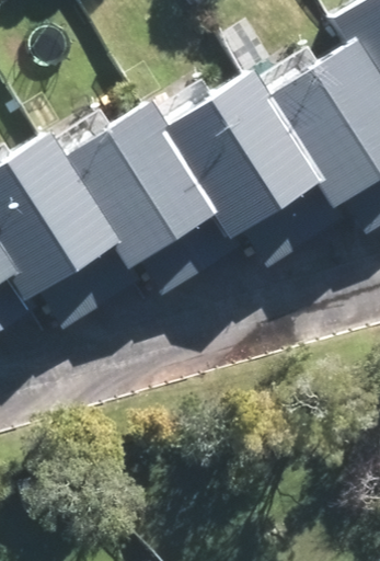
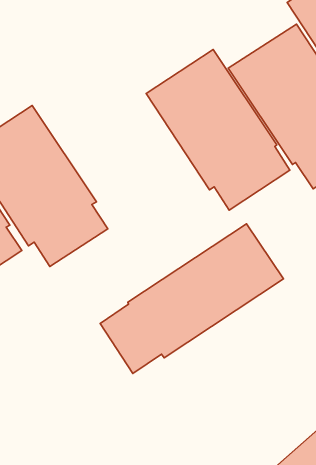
building: [65,94,231,282] -> none
building: none -> [100,224,283,374]

